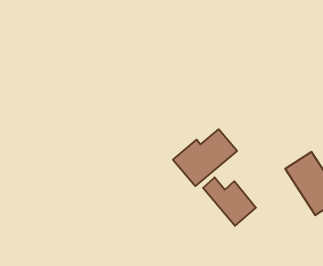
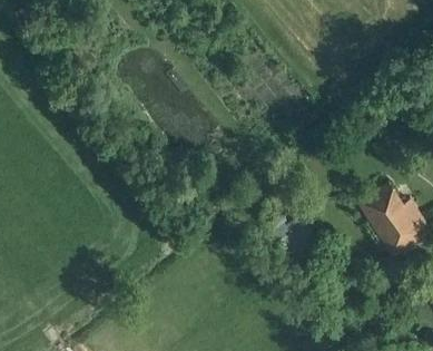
building: [173,129,237,186] -> none

